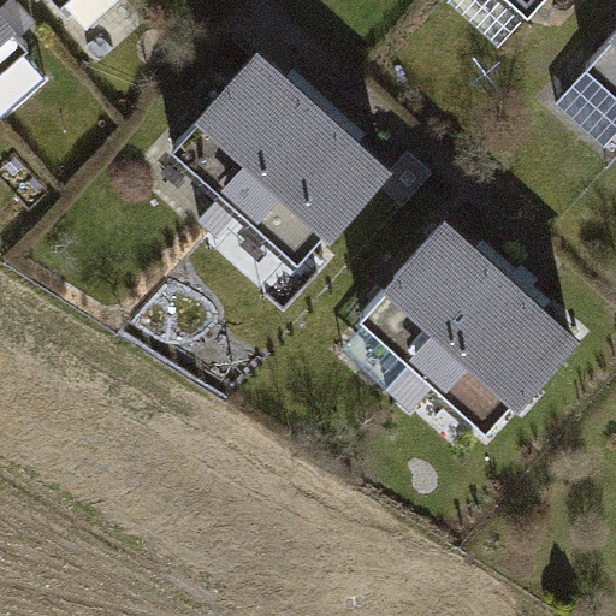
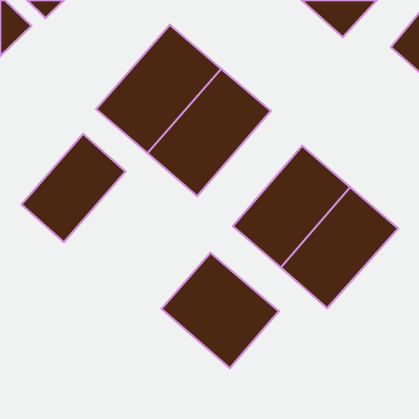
building: none -> [22,134,125,242]
building: none -> [161,253,279,368]

